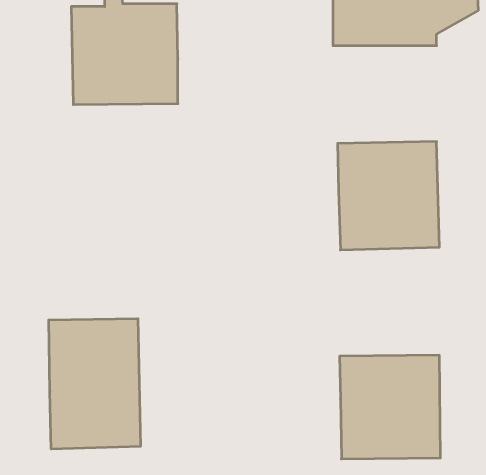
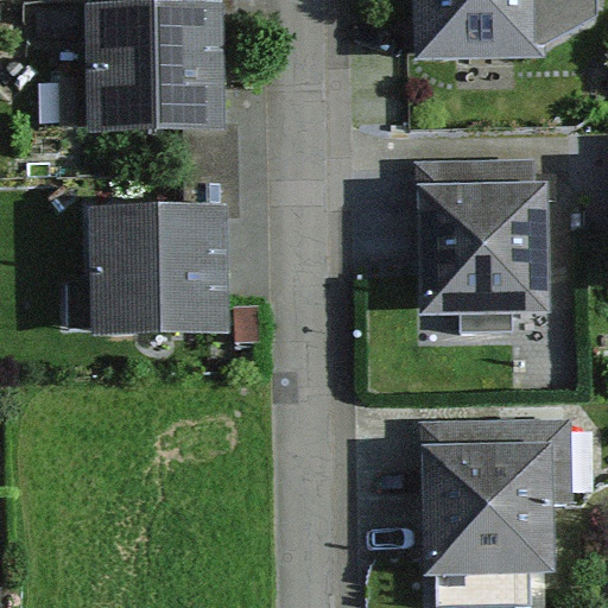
building: none -> [69,202,229,334]
building: [49,319,140,449] -> none

